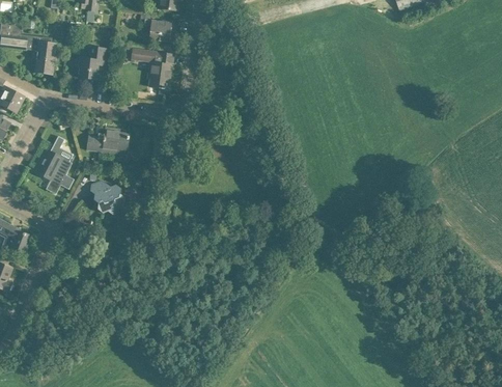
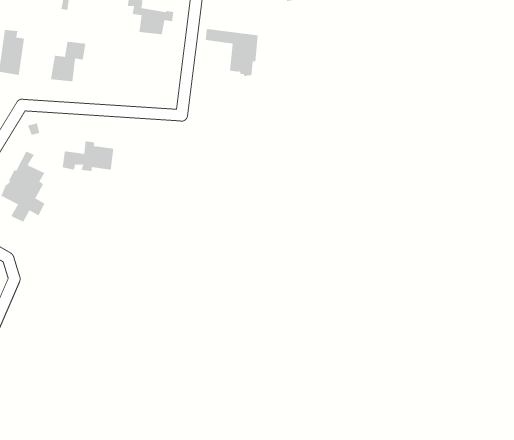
building: [130,49,173,88] -> [205,29,259,77]
building: [89,179,124,213] -> none

